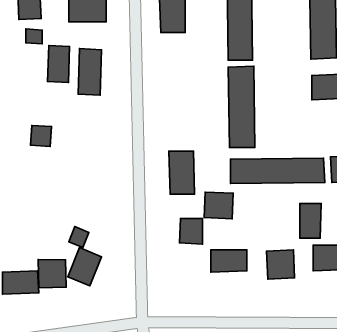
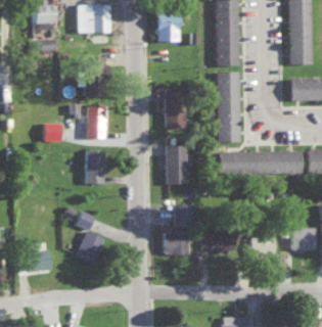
building: [48,45,70,83] -> [86,106,105,139]
building: none -> [164,91,184,129]
building: none -> [85,150,104,185]
building: [204,192,233,219] -> [164,232,189,255]
building: [300,203,321,238] -> none
building: [38,260,66,288] -> none

